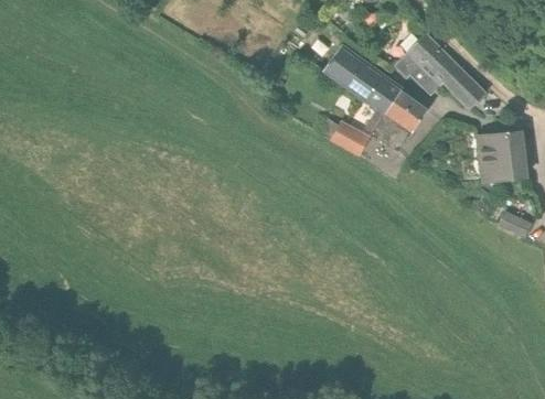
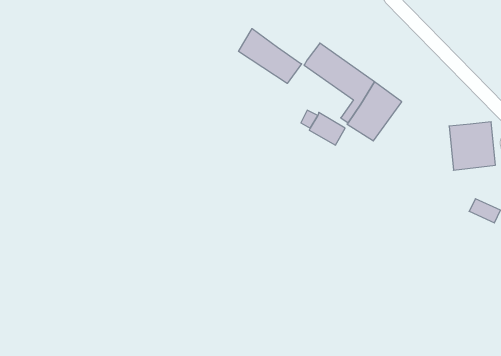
building: [393,32,485,107] -> none
building: none -> [239,29,302,83]

